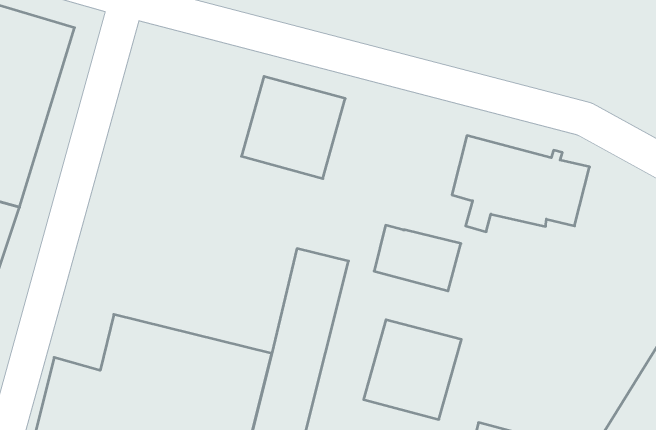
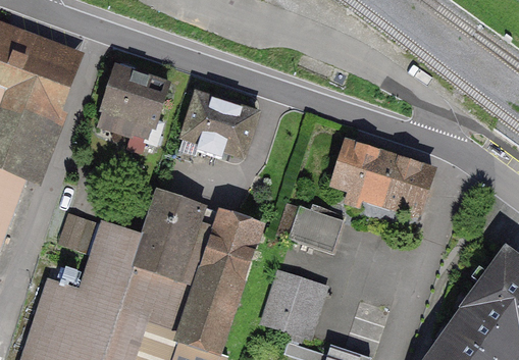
building: none -> [102,66,185,145]
building: none -> [57,193,221,287]

